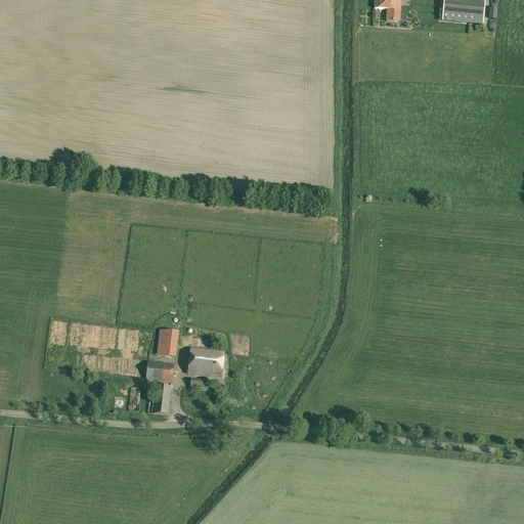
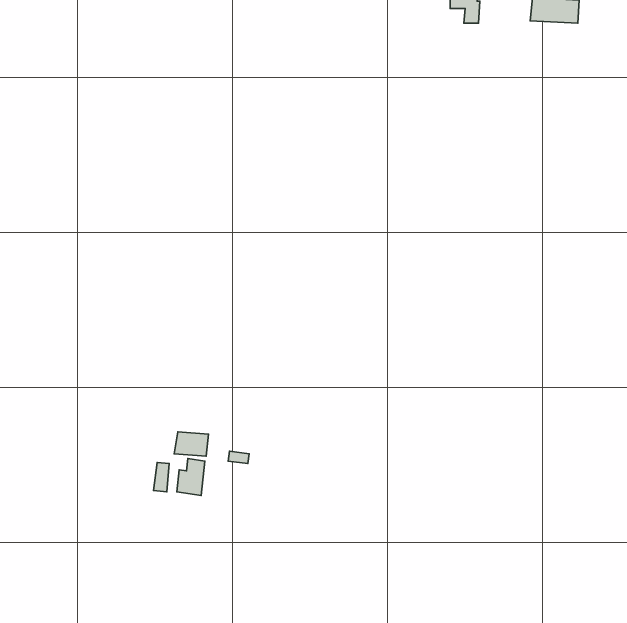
building: [158,329,179,356] -> none
building: [188,347,223,376] -> none

